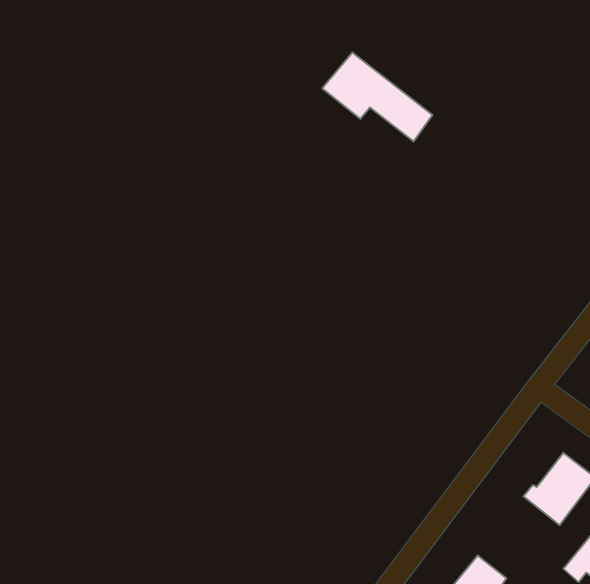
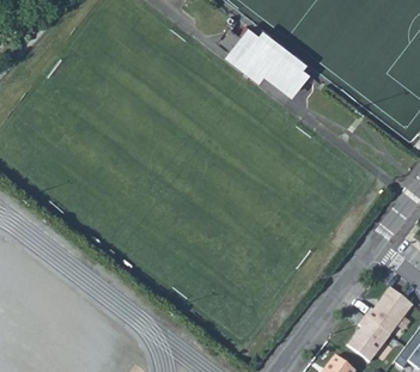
building: none -> [348,316,390,361]

